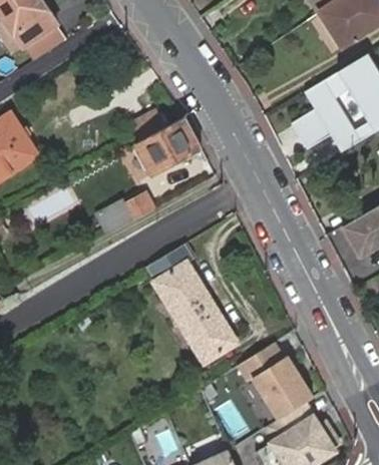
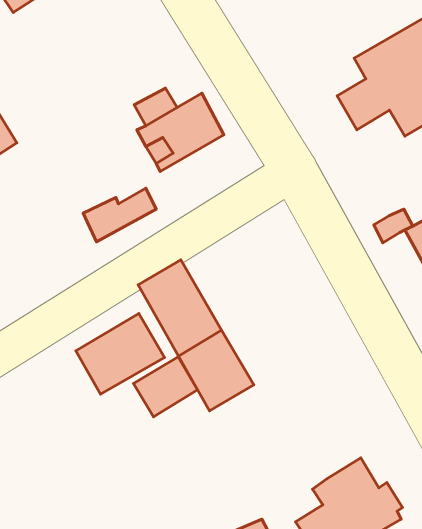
building: none -> [76,313,164,394]
building: none -> [133,357,197,417]
building: [239,337,315,417] -> none

